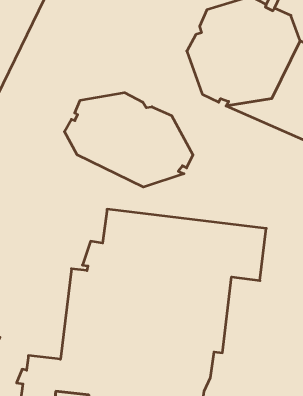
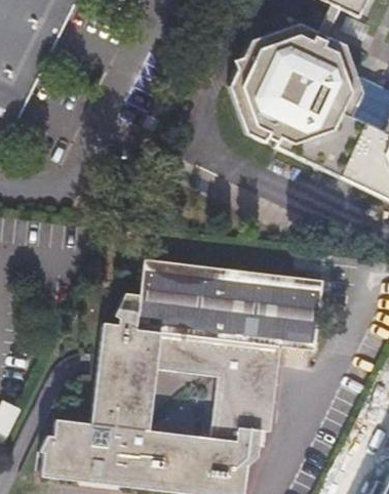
building: [64,93,193,187] -> none

